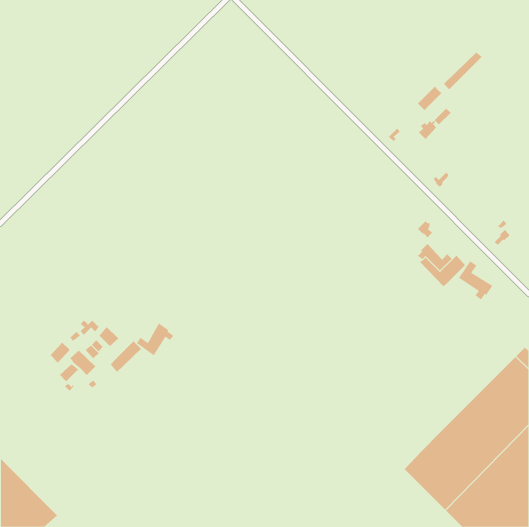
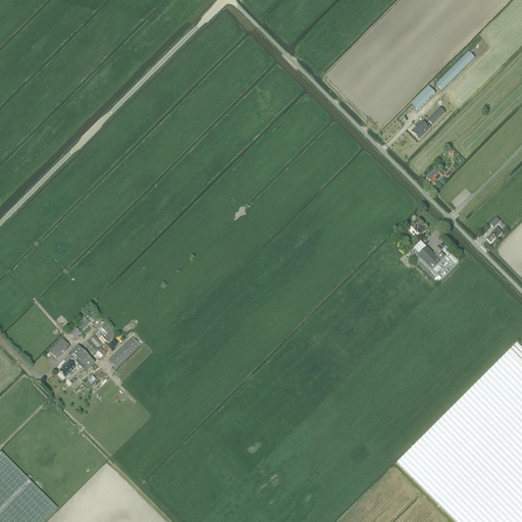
building: [458,261,493,301] -> none
building: [136,323,174,356] -> none

